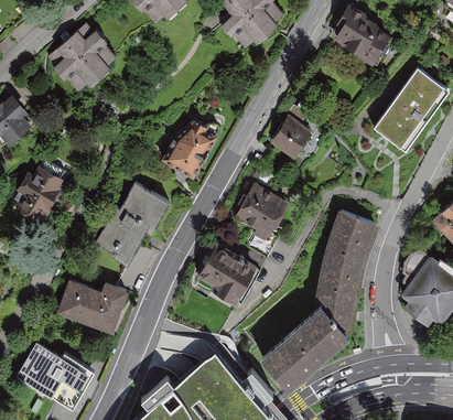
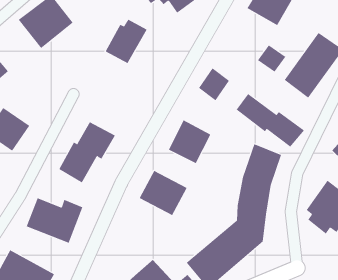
building: none -> [257,45,286,72]
building: [163,119,216,175] -> [105,19,147,64]
building: none -> [236,93,305,148]

